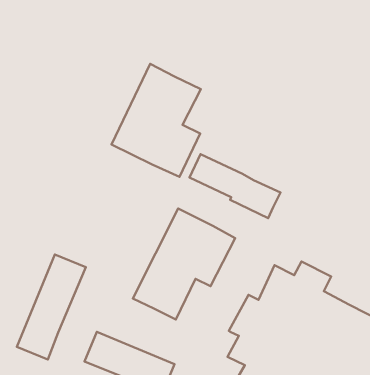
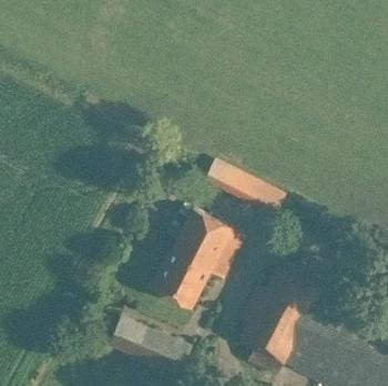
building: [111,64,201,177] -> none
building: [17,255,86,359] -> none

